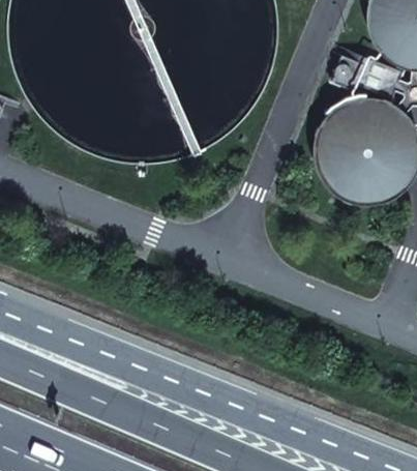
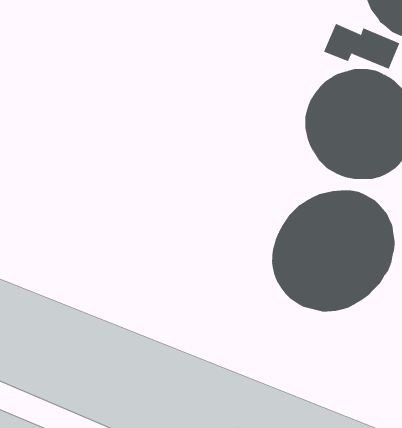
building: none -> [272,189,395,312]

